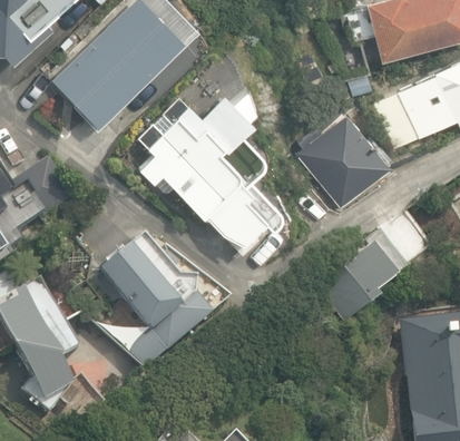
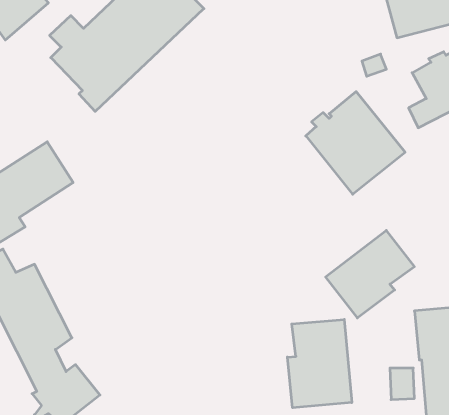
building: [139,95,280,255] -> none
building: [100,234,231,369] -> none
building: none -> [287,319,352,408]

